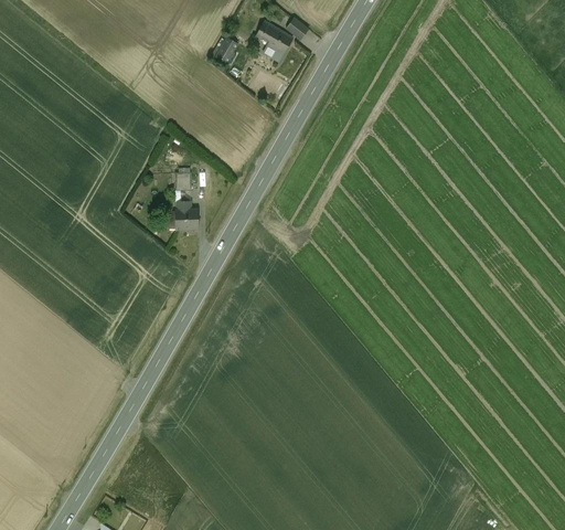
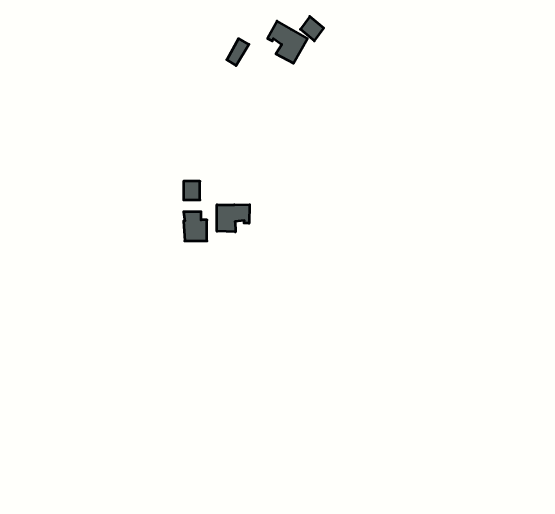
building: none -> [217,205,250,232]

